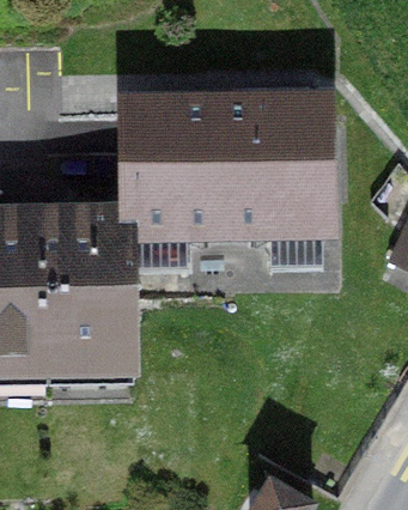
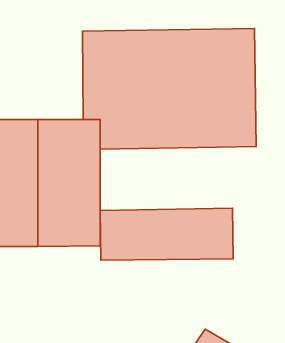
building: none -> [100,208,233,260]

